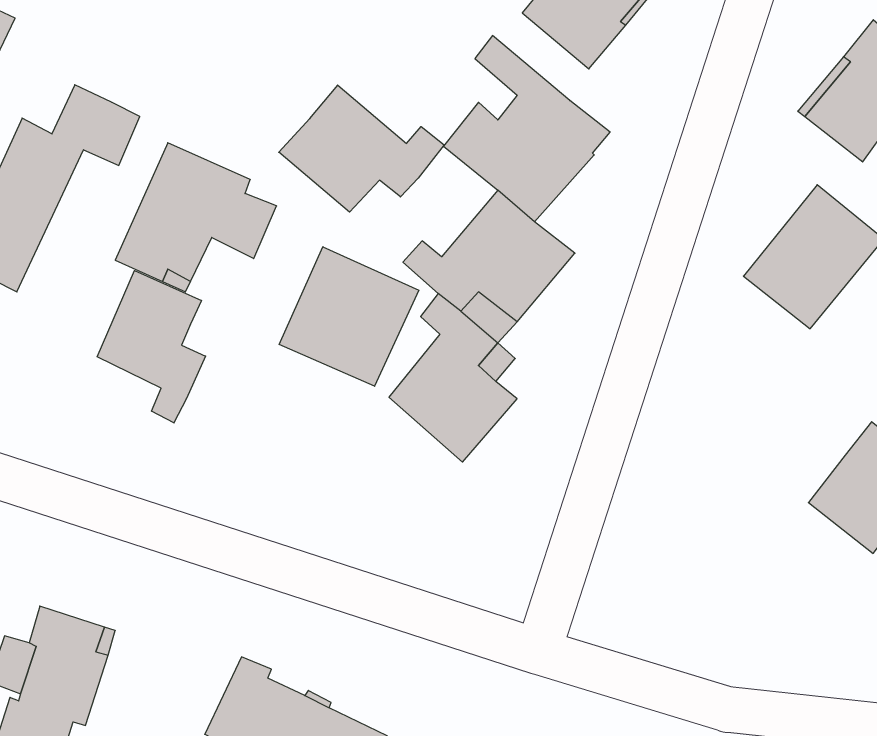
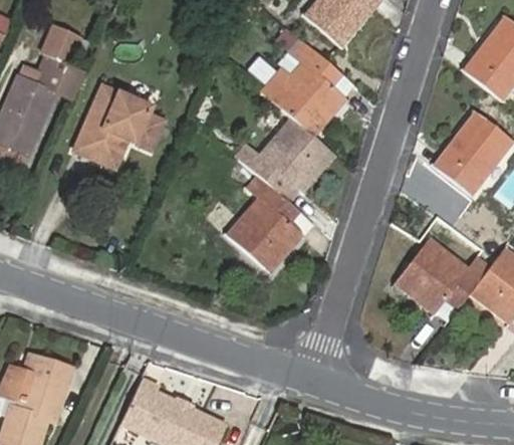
building: none -> [20,26,81,82]
building: [279,85,444,212] -> none
building: [279,247,419,386] -> none
building: [97,271,206,423] -> none
building: none -> [395,238,489,311]

